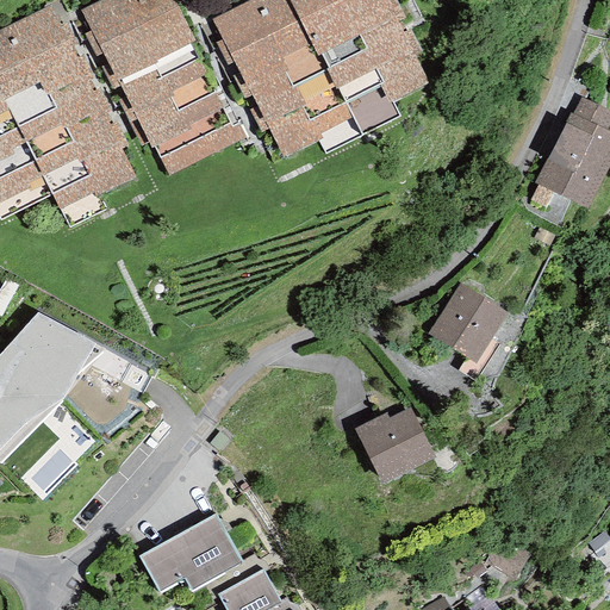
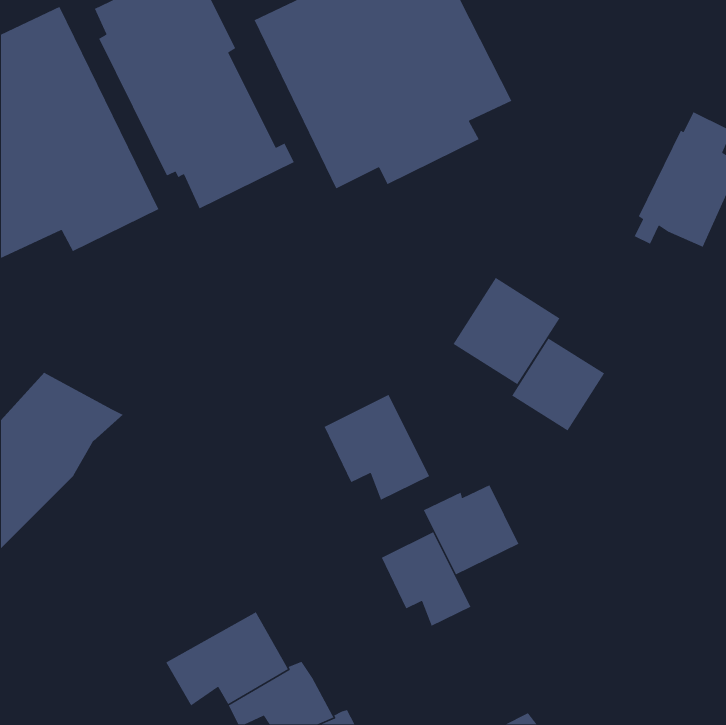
building: none -> [452,277,561,385]
building: none -> [324,394,430,501]
building: none -> [381,531,471,627]

